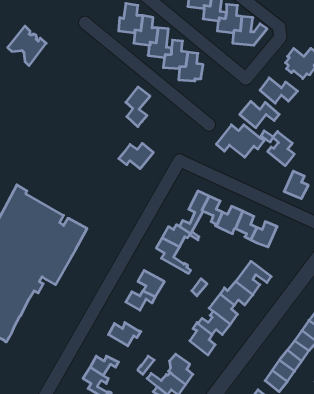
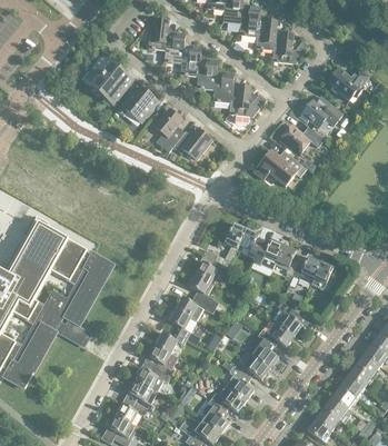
building: [8,26,46,66] -> [83,56,126,99]
building: none -> [228,85,266,117]
building: none -> [116,89,157,122]
building: [268,131,294,166] -> none
building: [119,143,153,169] -> [172,130,210,158]
building: [284,171,308,199] -> [310,261,337,291]
building: none -> [175,296,219,321]
building: none -> [148,344,178,375]
building: none -> [129,379,157,412]
building: none -> [209,386,245,412]

